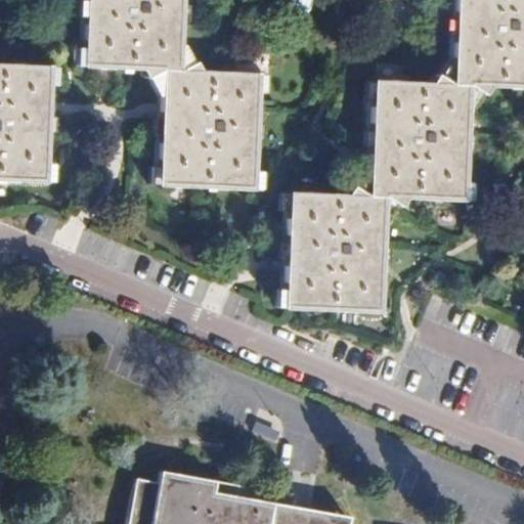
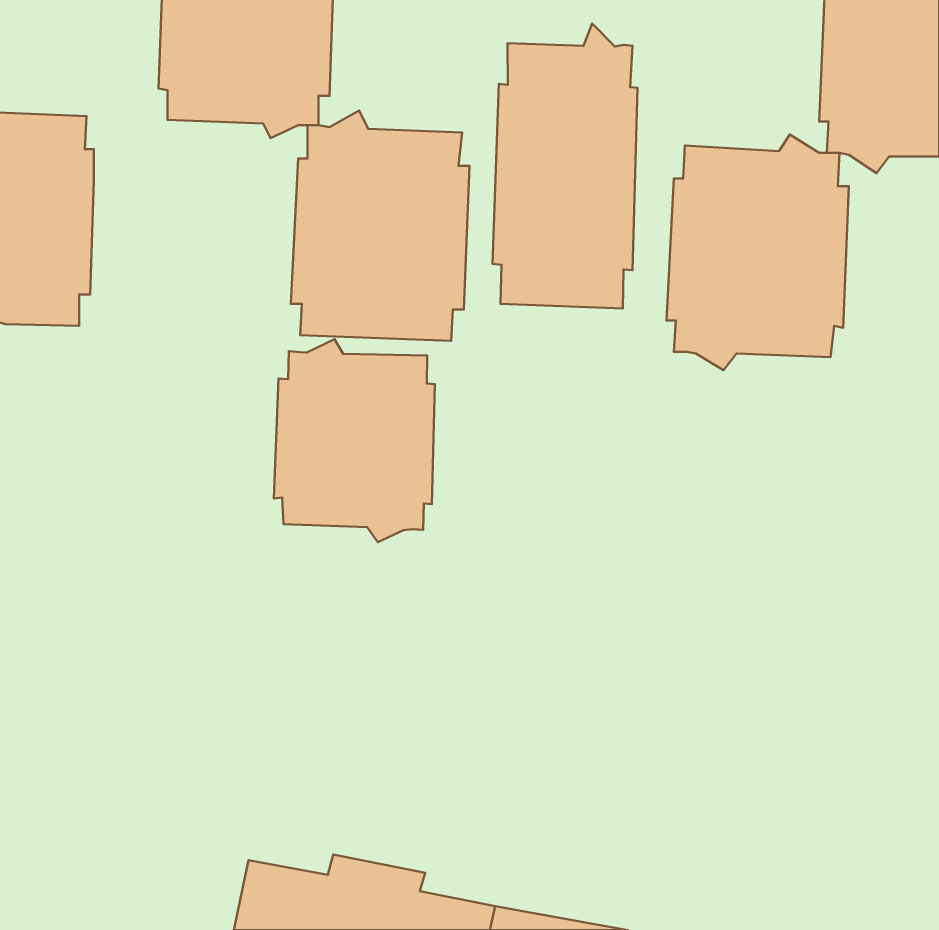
building: none -> [493,23,638,309]
building: [287,186,386,312] -> none
building: none -> [274,339,435,542]

